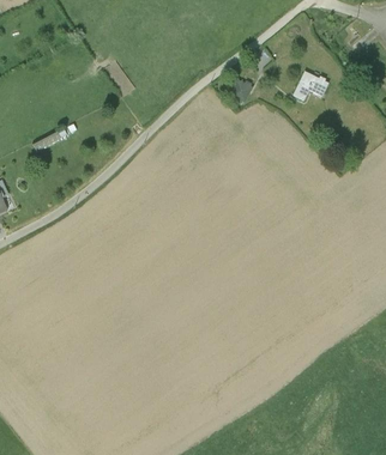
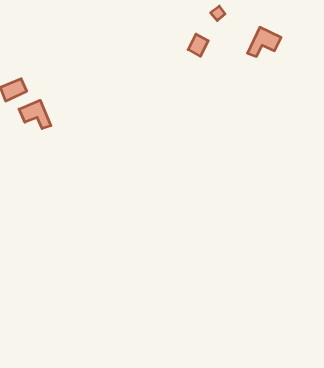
building: none -> [19,100,51,129]

